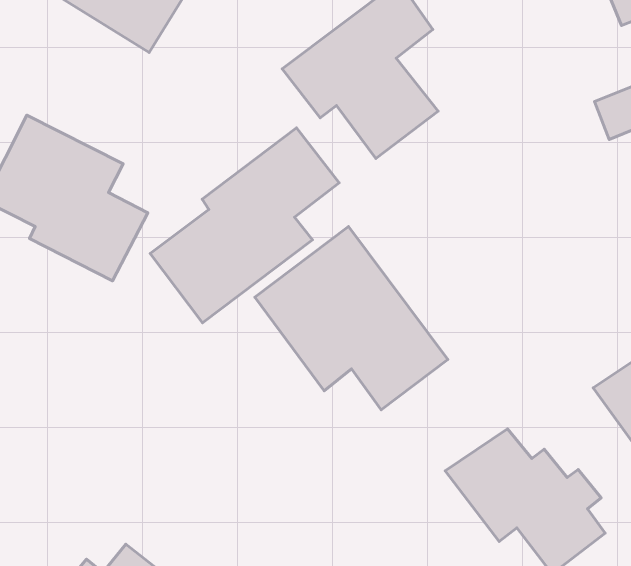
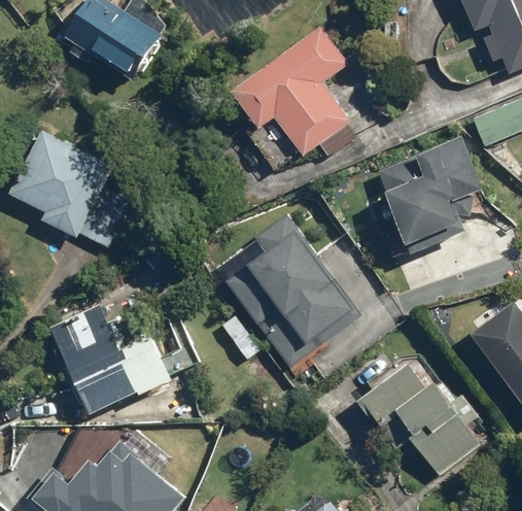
building: none -> [386,136,482,248]
building: [150,128,339,323] -> none
building: none -> [48,303,200,416]

